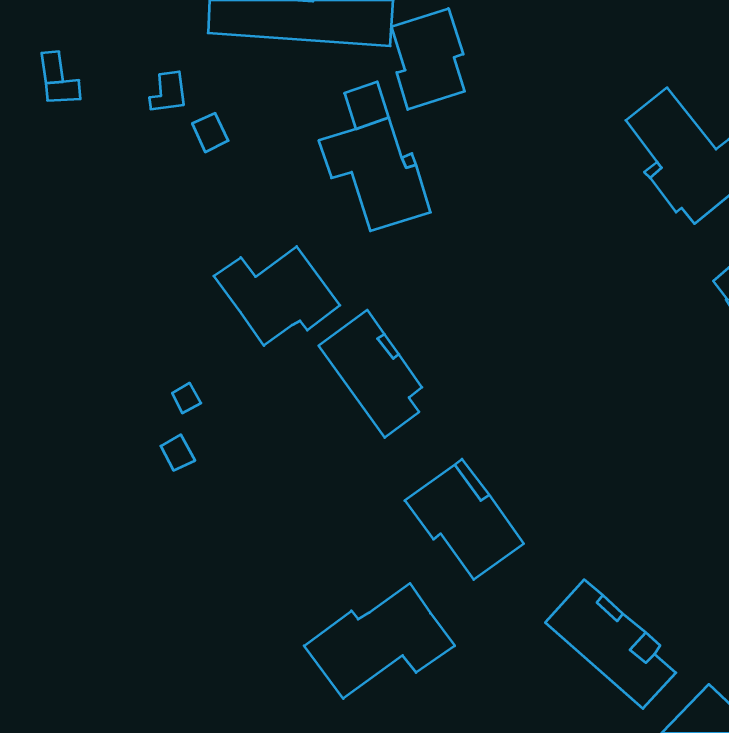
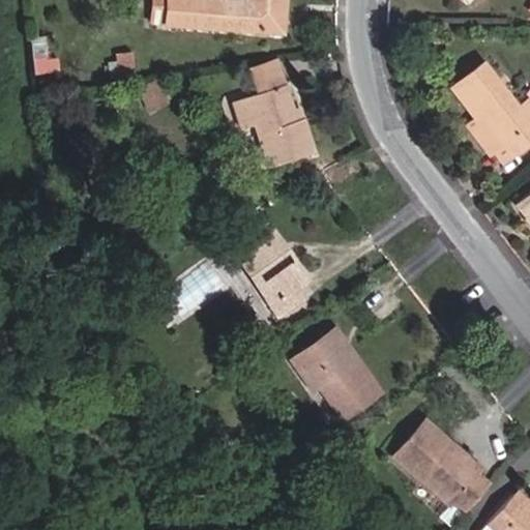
building: [392,8,465,110] -> none
building: [214,246,340,346] -> none
building: [304,583,455,699] -> none

